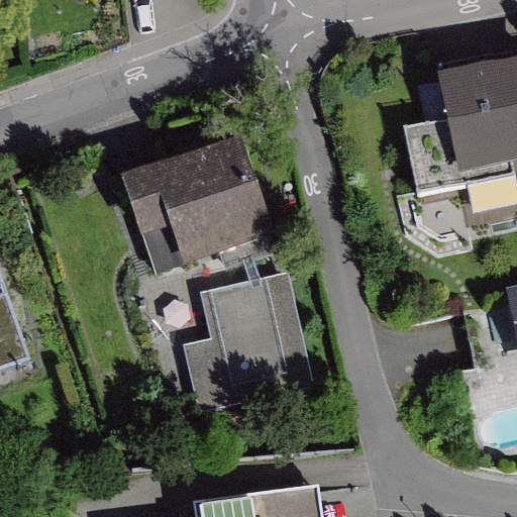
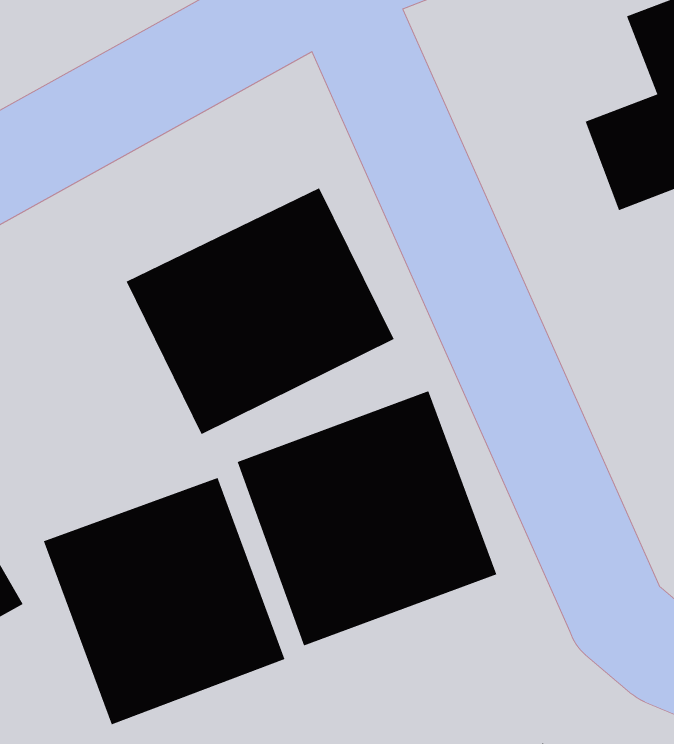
building: none -> [43,477,285,725]

